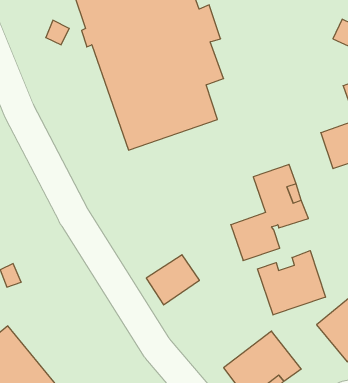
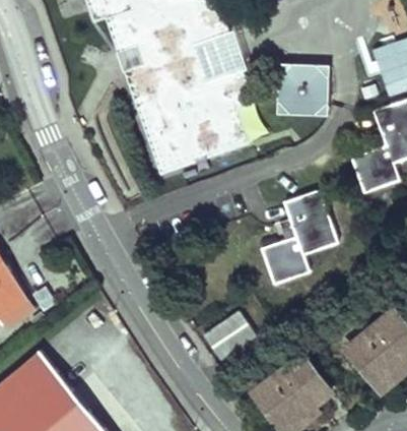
building: none -> [273,62,328,117]
building: [257,251,325,315] -> none
building: [146,255,199,305] -> [203,311,256,361]

